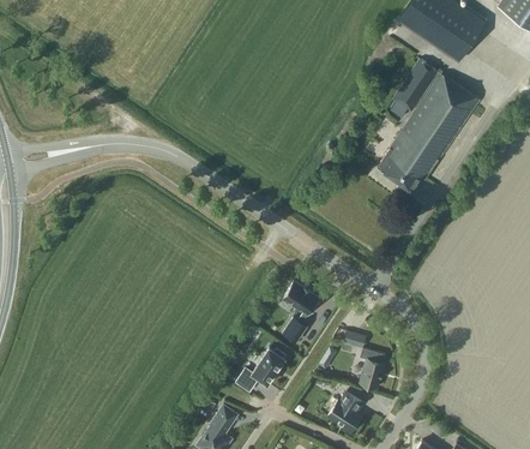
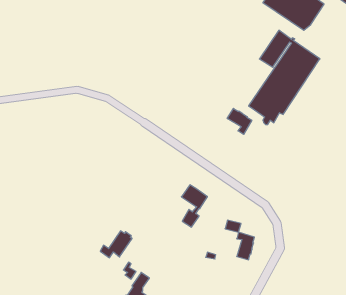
building: none -> [227,108,252,134]
building: [240,347,285,385] -> [100,231,132,258]
building: [327,390,362,431] -> none

